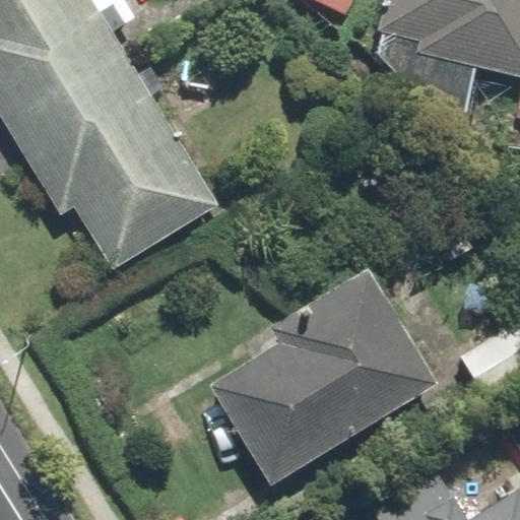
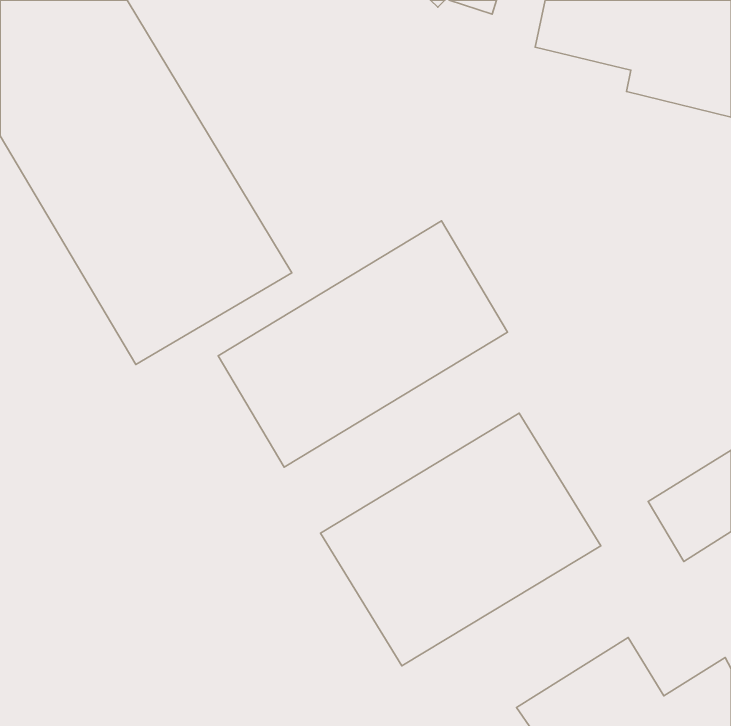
building: none -> [218,221,508,467]

